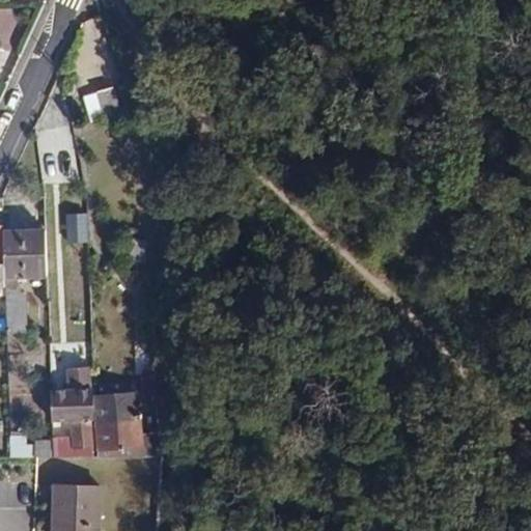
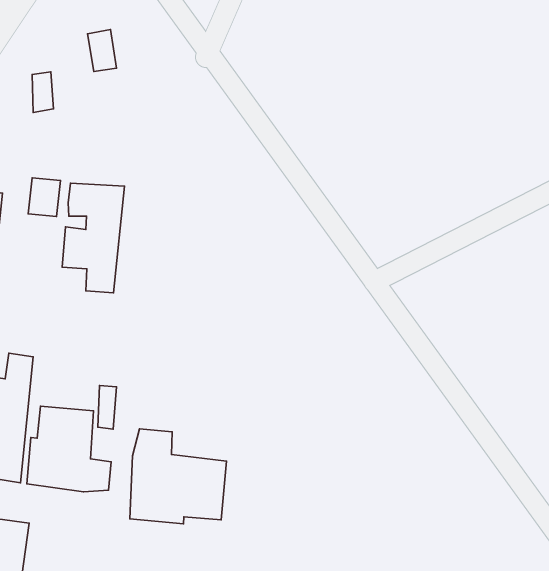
building: none -> [62,183,124,293]
building: none -> [130,429,226,524]

